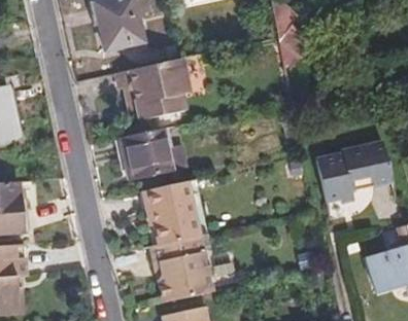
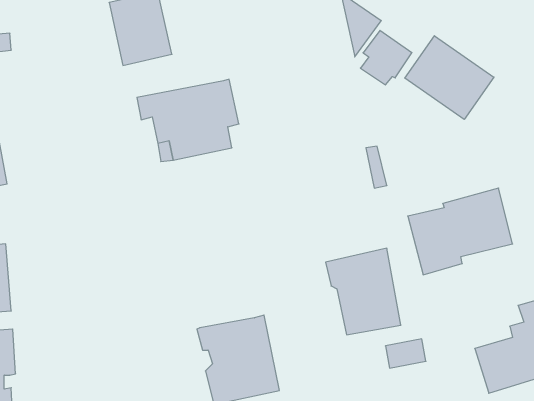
building: none -> [405,36,494,119]
building: [118,129,177,179] -> none
building: [145,179,201,243] -> [326,248,401,335]

